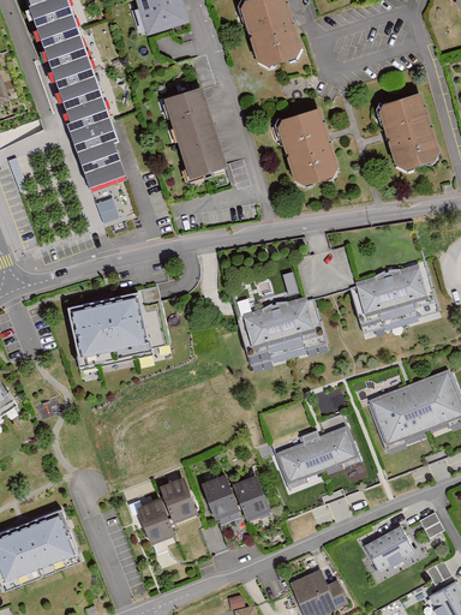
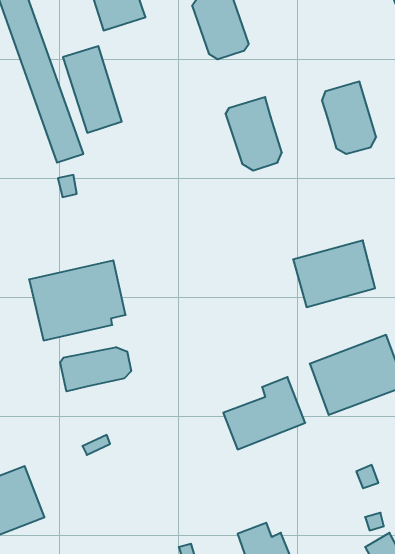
building: [164,89,228,183] -> [63,46,122,133]
building: [235,294,328,370] -> none
building: none -> [60,347,131,391]
building: [199,473,270,525] -> none
building: [137,479,197,545] -> none
building: [364,526,413,571] -> none

